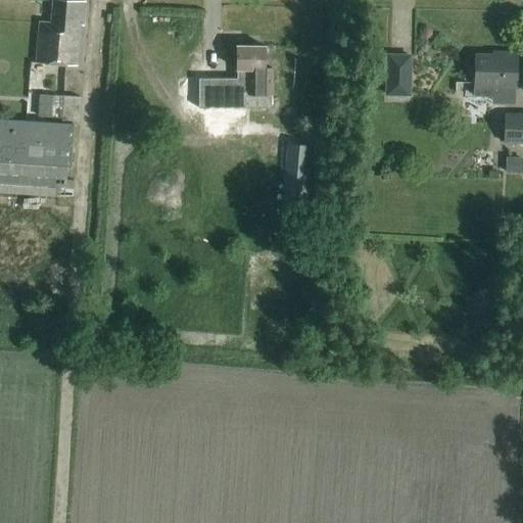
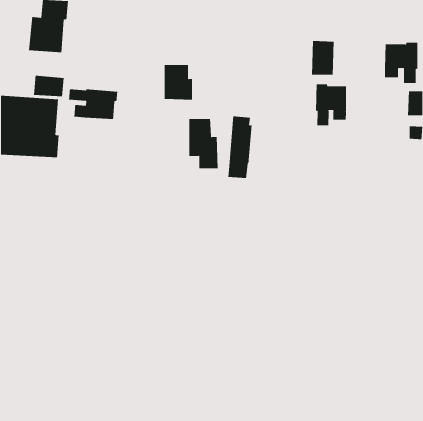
building: [236,45,273,107] -> [189,118,218,169]
building: none -> [316,84,346,126]
building: none -> [68,88,118,120]

